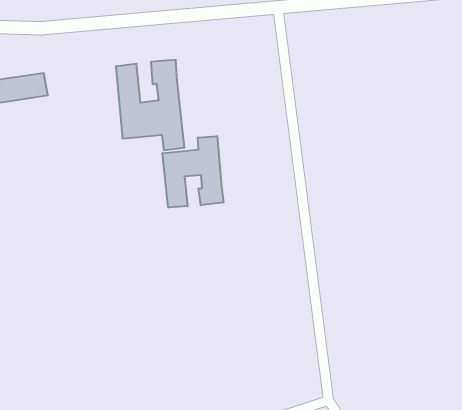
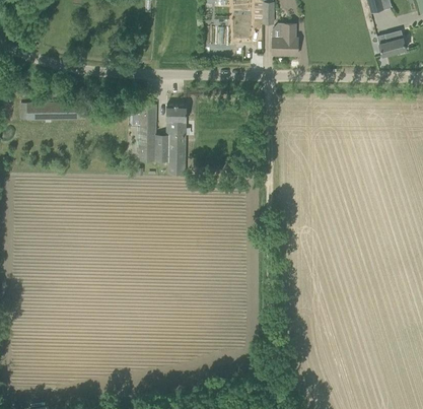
building: [162,136,224,208] -> none

